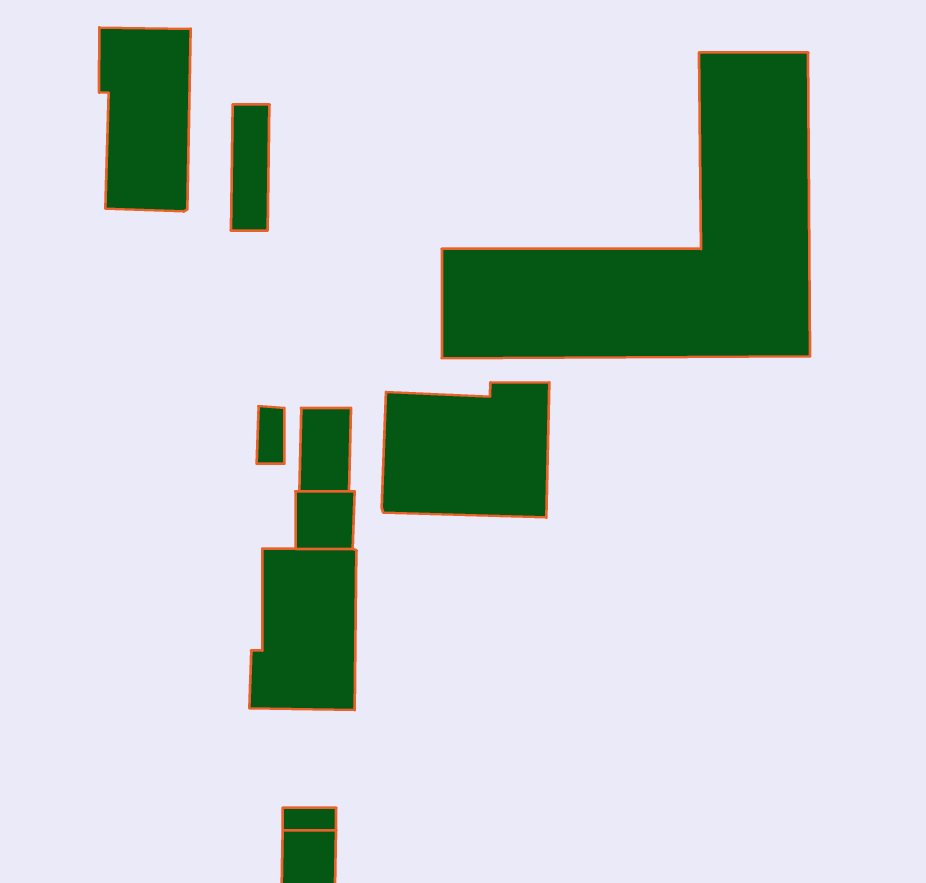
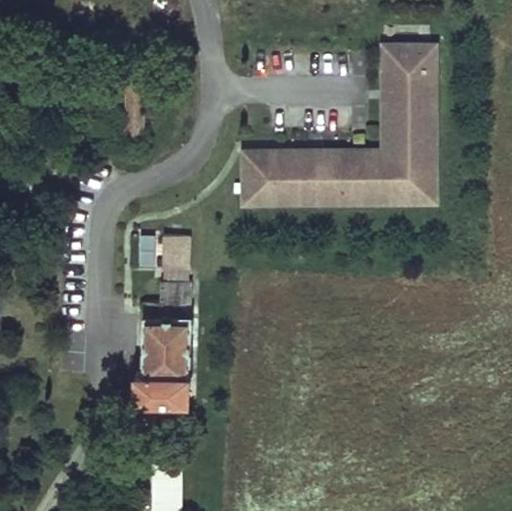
building: [99,27,191,212] -> none
building: [382,382,549,518] -> none

